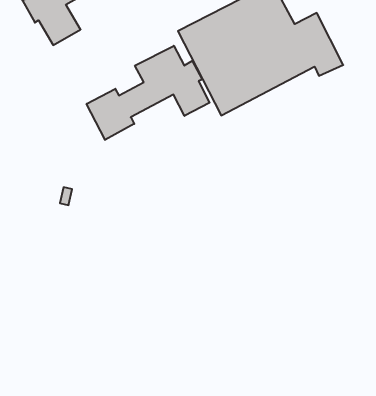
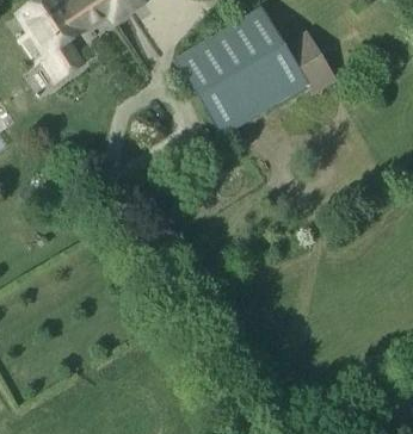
building: [87,46,210,140] -> none

